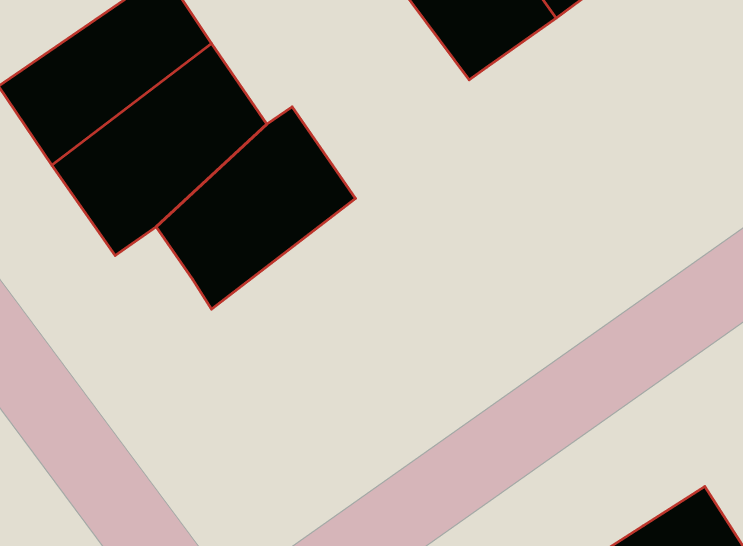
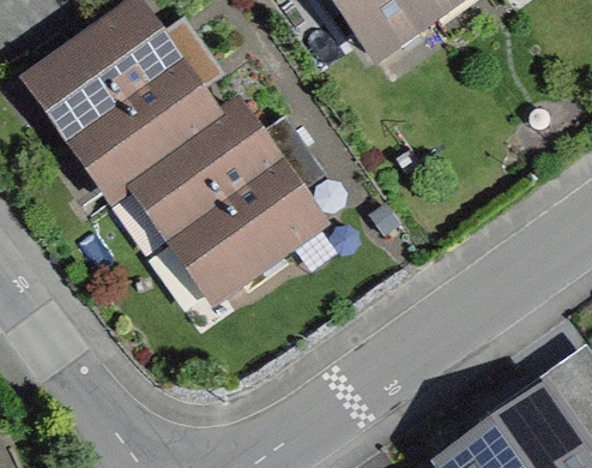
building: none -> [179,163,332,306]

